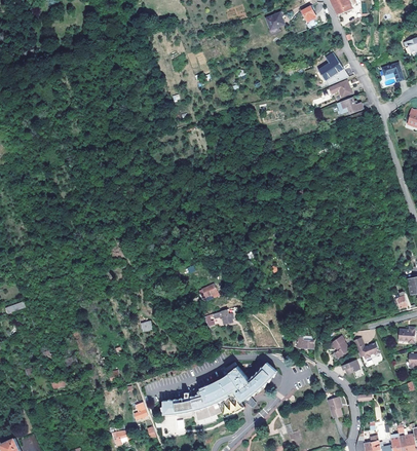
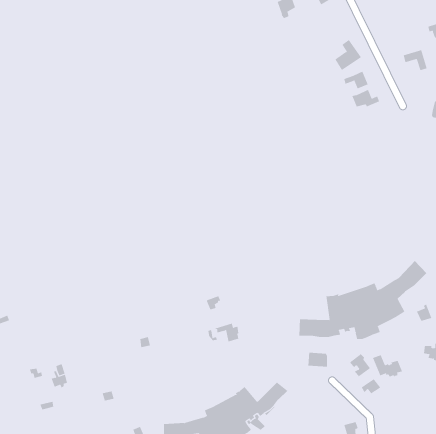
building: none -> [299,260,427,340]

